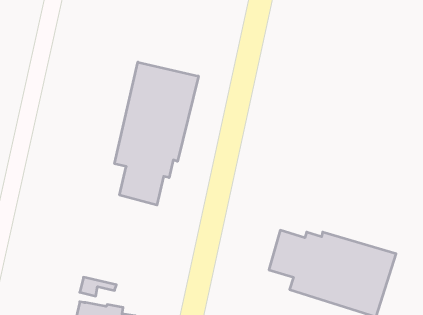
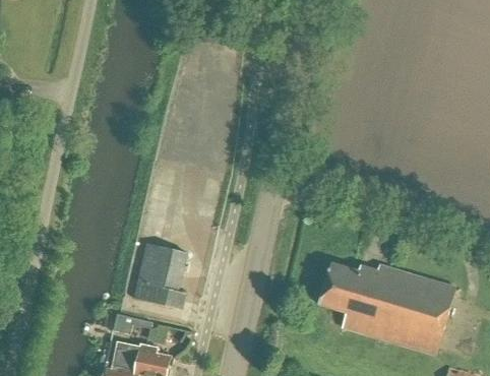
building: [115,62,198,205] -> none
building: none -> [135,243,187,309]

